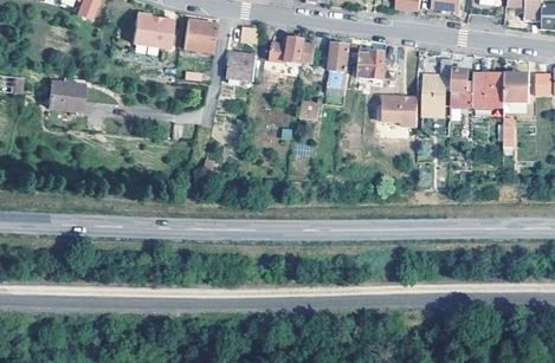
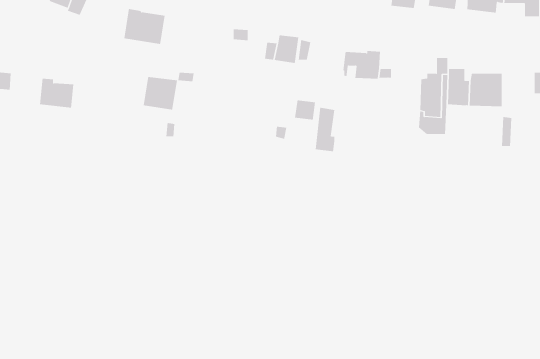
building: [182,19,217,52] -> [143,77,178,110]
building: [329,44,349,87] -> [315,107,335,152]
building: [230,53,254,80] -> none
building: [505,74,530,103] -> none
building: [383,97,419,127] -> none

